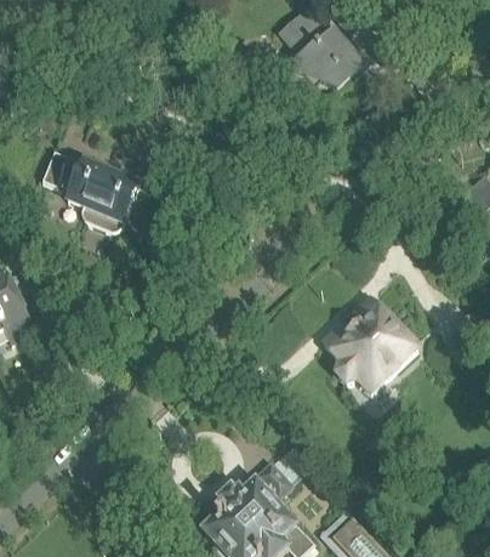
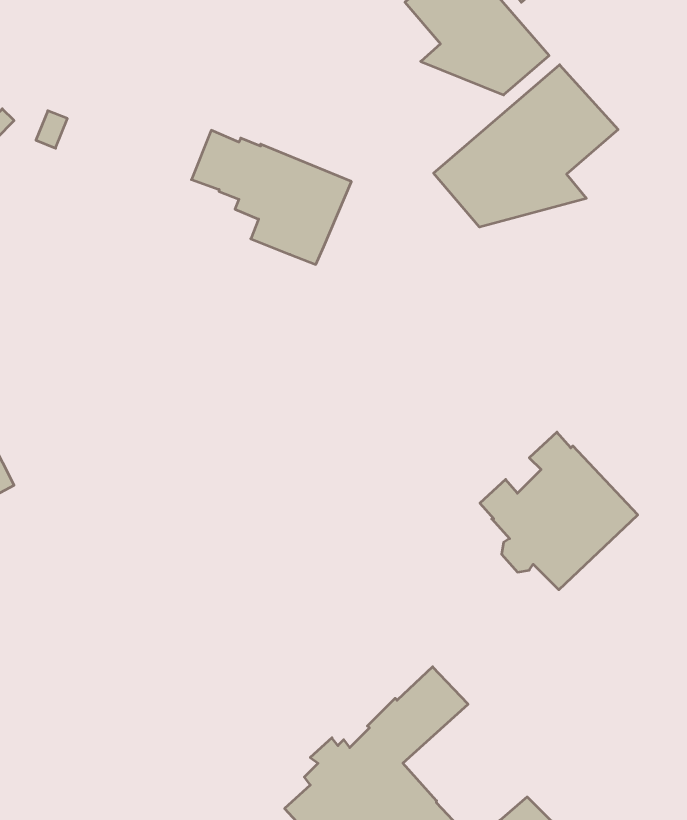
building: none -> [434,65,618,227]
building: [41,152,139,234] -> [191,130,351,264]

